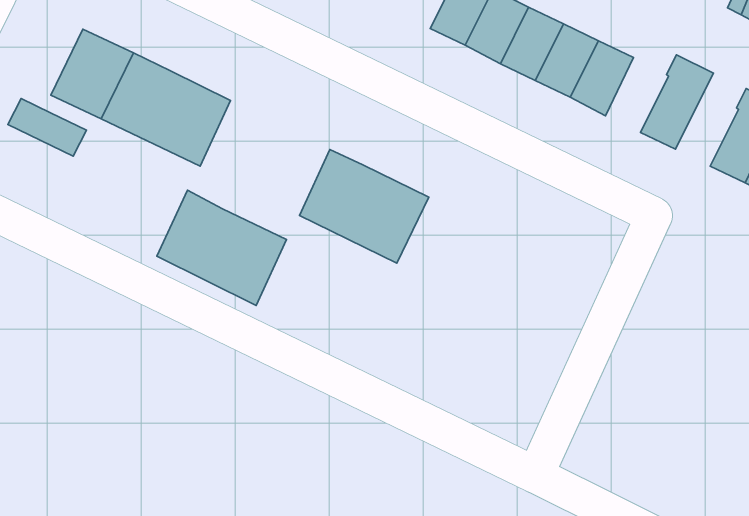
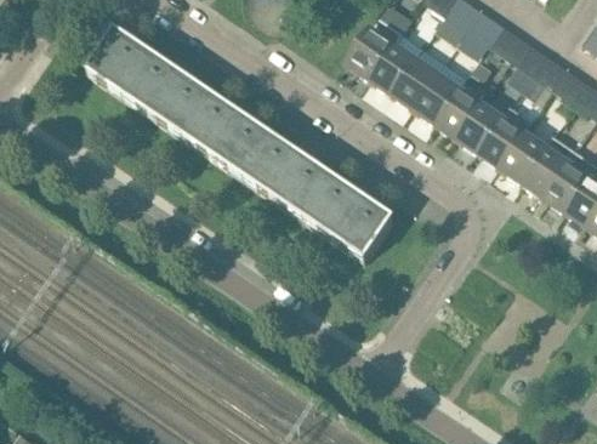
building: none -> [457,102,504,153]
building: none -> [501,132,547,182]
building: [8,98,86,156] -> none
building: [157,190,287,305] -> [181,92,269,176]
building: none -> [303,176,393,260]

